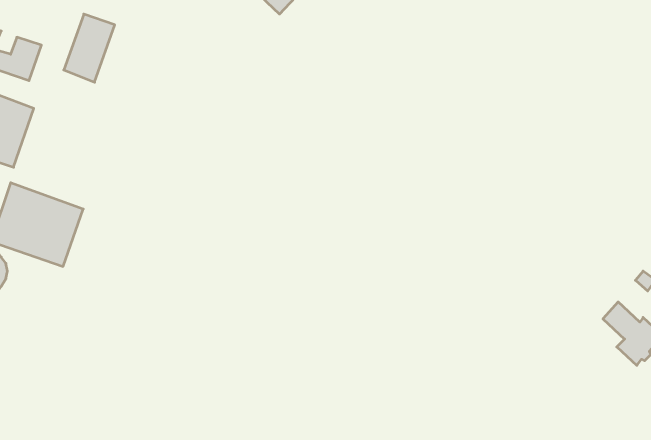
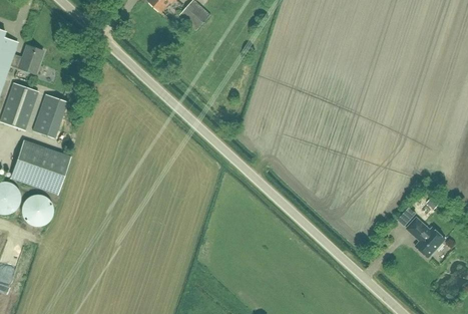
building: [64,14,115,82] -> [32,94,65,138]
building: none -> [21,194,54,227]

